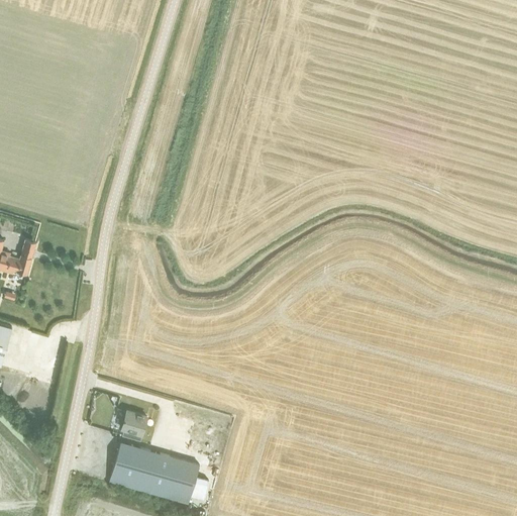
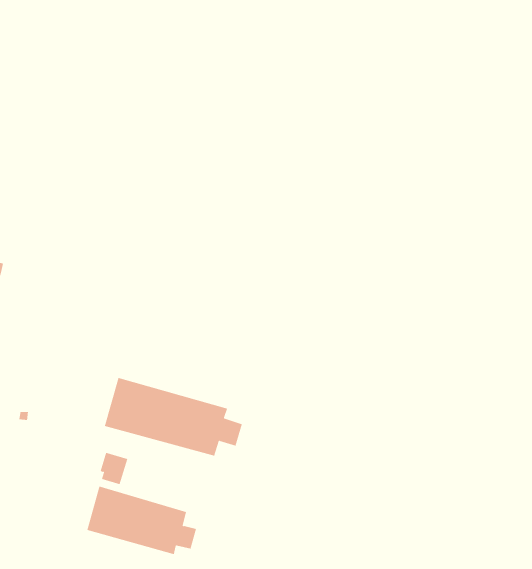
building: none -> [104,377,242,456]

